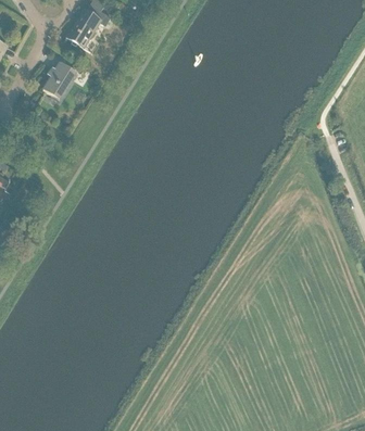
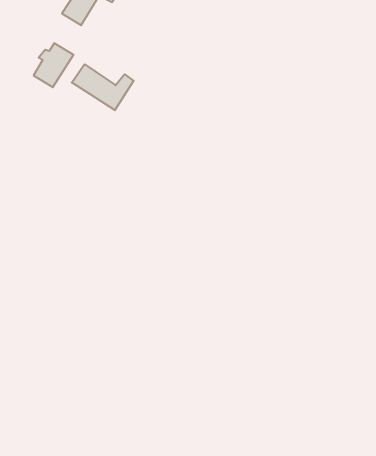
building: none -> [72,64,134,110]

